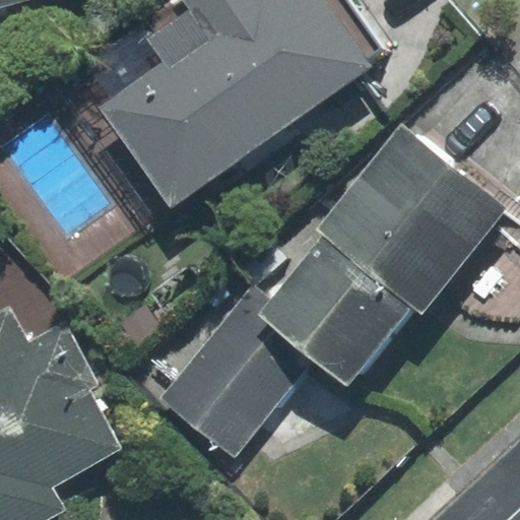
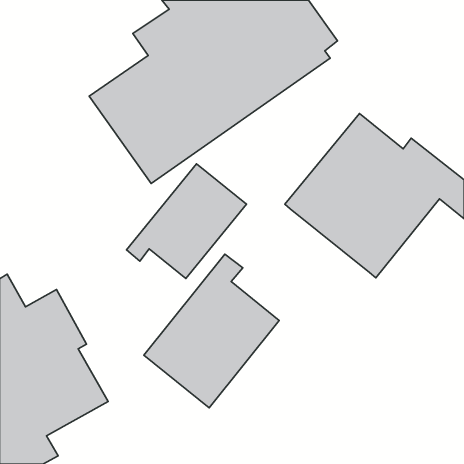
building: none -> [127,164,246,278]
building: [258,234,412,386] -> none

